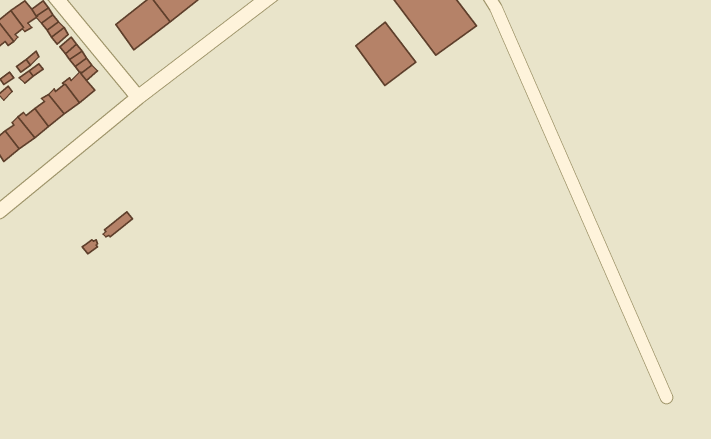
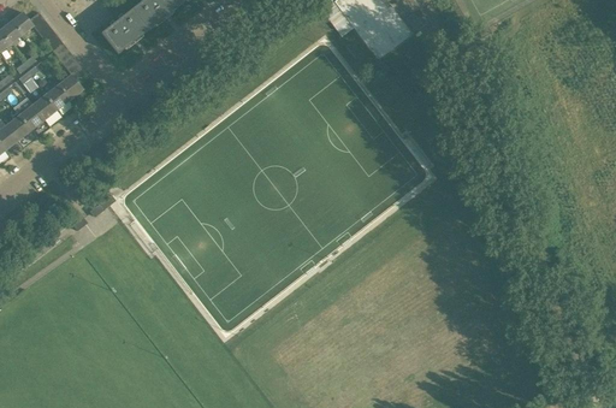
building: [356,22,416,86] -> none

